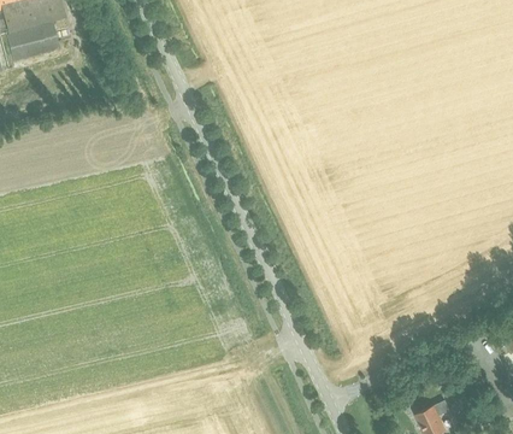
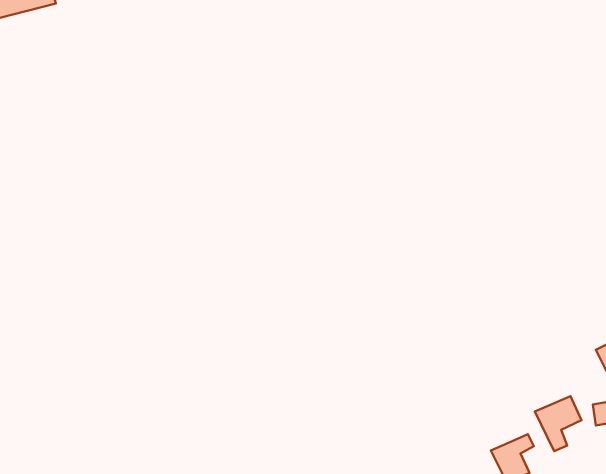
building: none -> [535,396,582,451]

